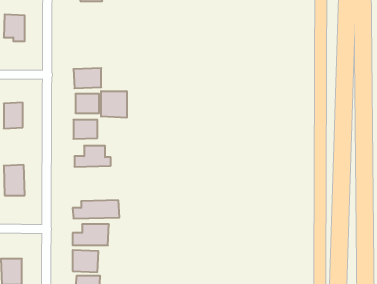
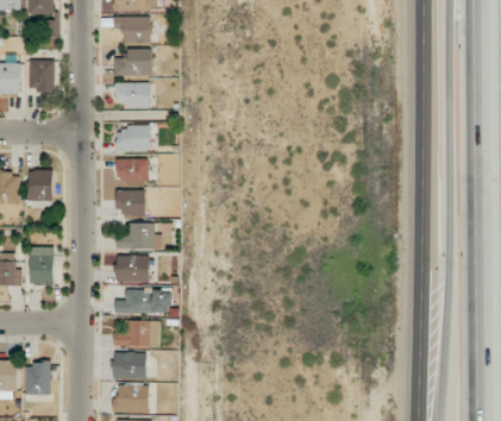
building: none -> [113,49,152,76]
building: none -> [114,82,150,108]
building: [101,91,127,118] -> none
building: none -> [117,255,149,282]

